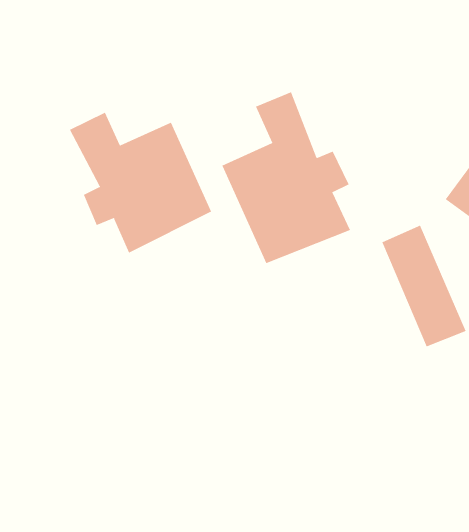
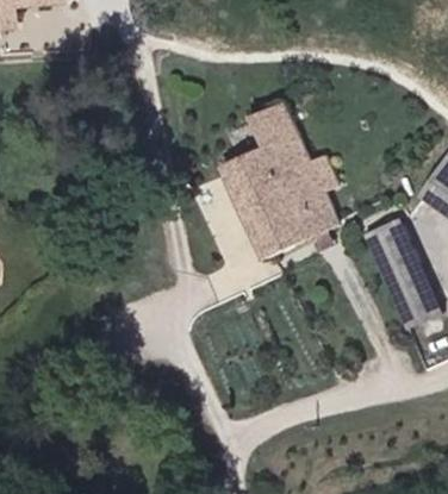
building: [69,112,212,254] -> none

